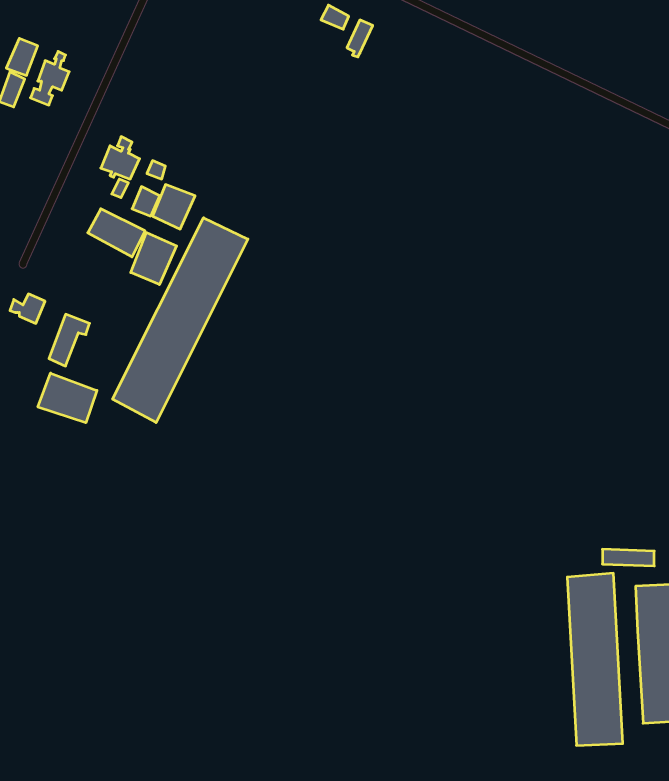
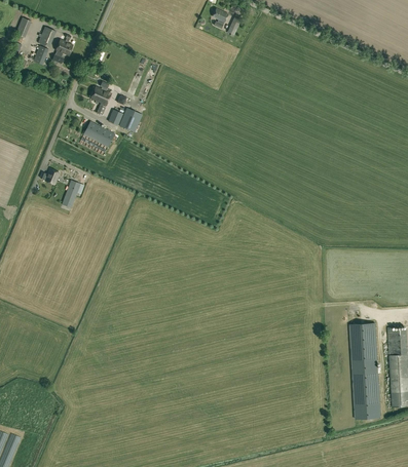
building: [113,218,248,423] -> none
building: [131,233,177,285] -> none
building: [38,373,97,423] -> none

